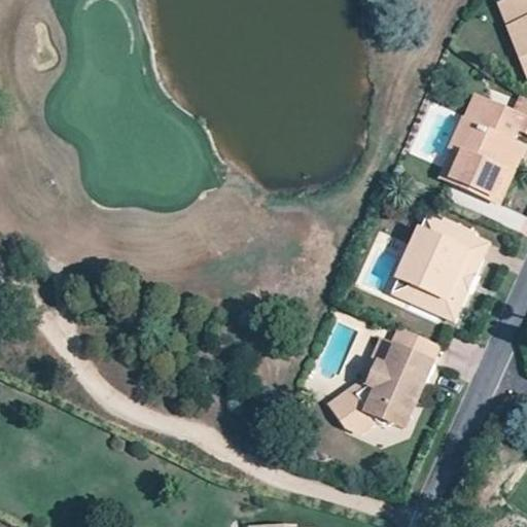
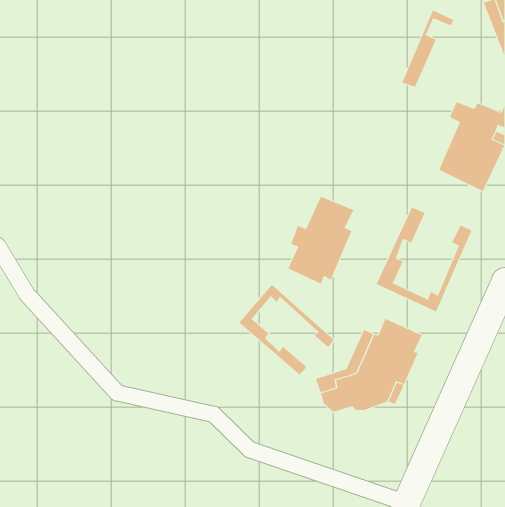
building: [440,96,494,176] -> [402,10,454,88]
building: [408,218,477,310] -> [288,196,354,284]
building: none -> [238,284,335,375]

